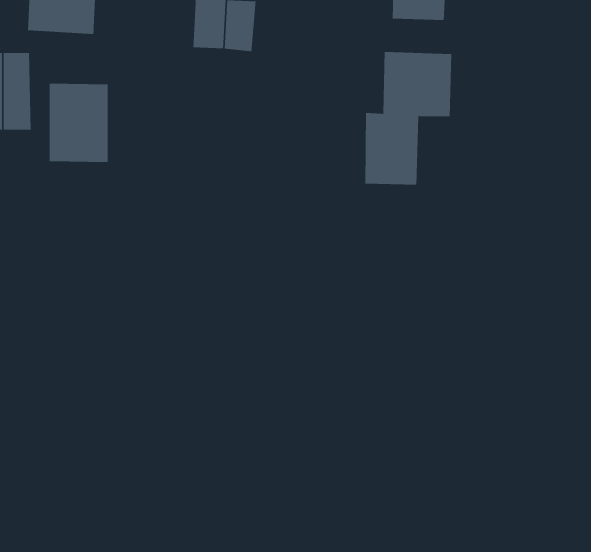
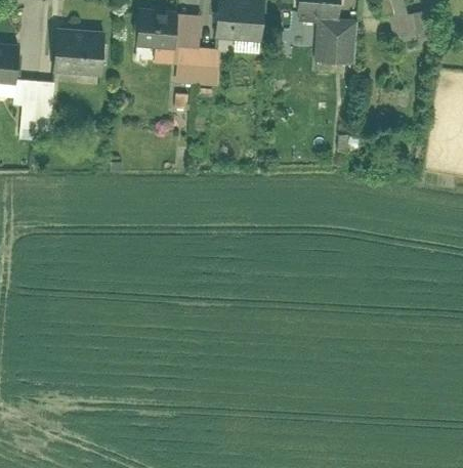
building: [365,51,452,186] -> none
building: [49,83,109,163] -> none

